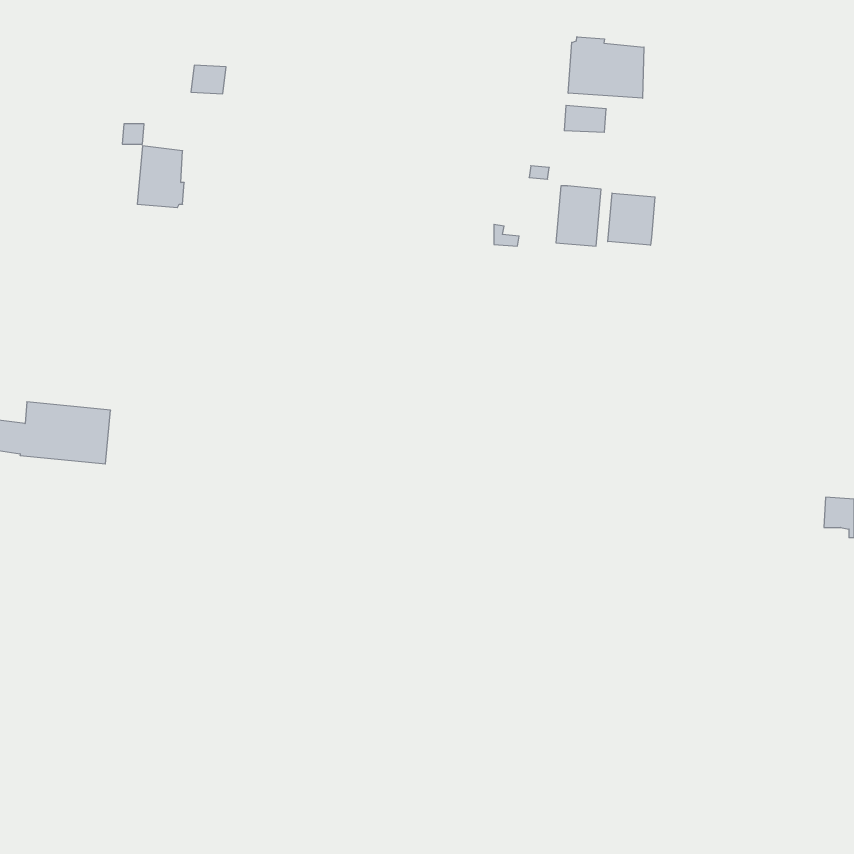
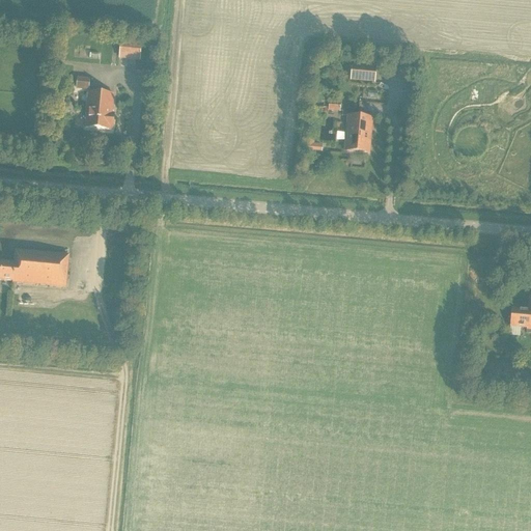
building: [568,37,644,98] -> none
building: [608,193,655,245] -> none

